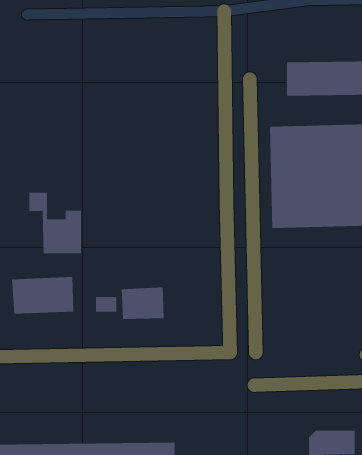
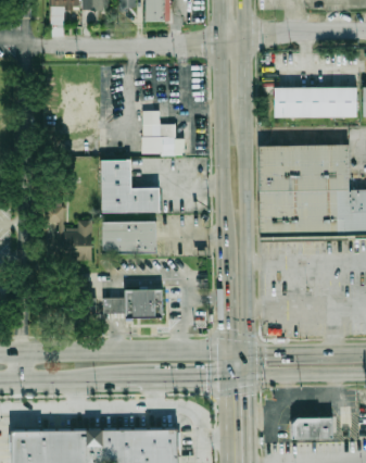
building: none -> [141,110,178,154]
building: none -> [101,160,163,212]
building: [11,277,74,314] -> [102,222,159,255]

